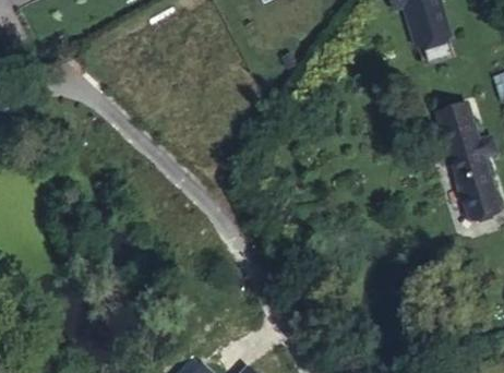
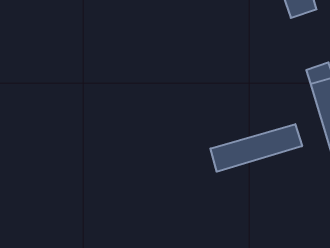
building: none -> [210,124,302,172]

